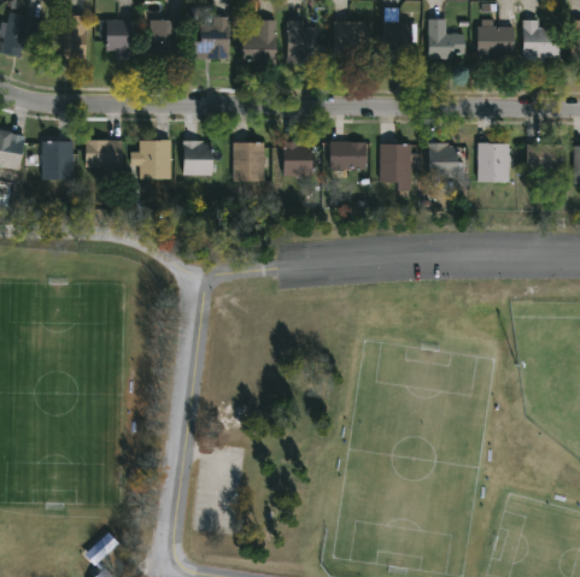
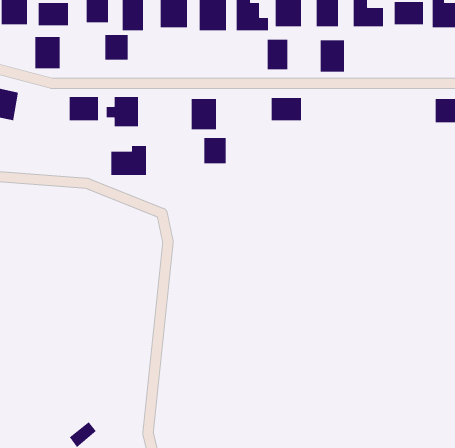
building: none -> [104,34,128,61]
building: none -> [267,39,288,70]
building: [41,140,72,179] -> [34,36,60,69]
building: [183,140,212,175] -> none
building: [285,142,312,175] -> [203,137,226,164]
building: [380,142,410,182] -> [320,39,345,72]
building: [429,142,461,178] -> none
building: [478,142,509,181] -> none
building: none -> [111,145,147,176]

